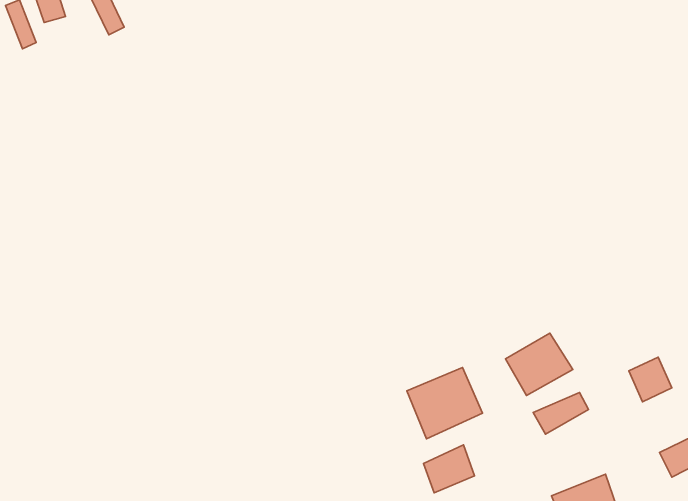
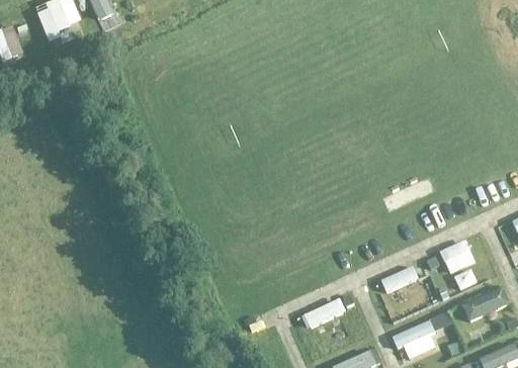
building: [505,333,573,396] -> none
building: [407,367,482,439] -> none

